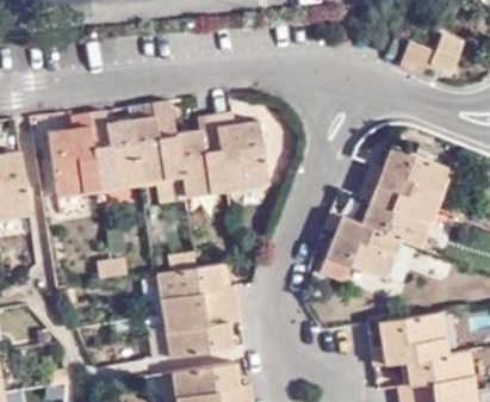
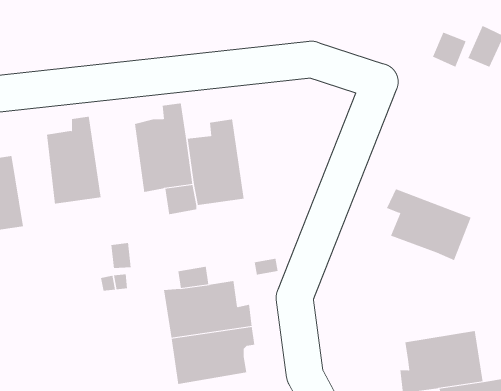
building: [91,112,139,190] -> none
building: [221,116,269,191] -> none
building: [368,147,453,208] -> none
building: [323,211,405,282] -> none

